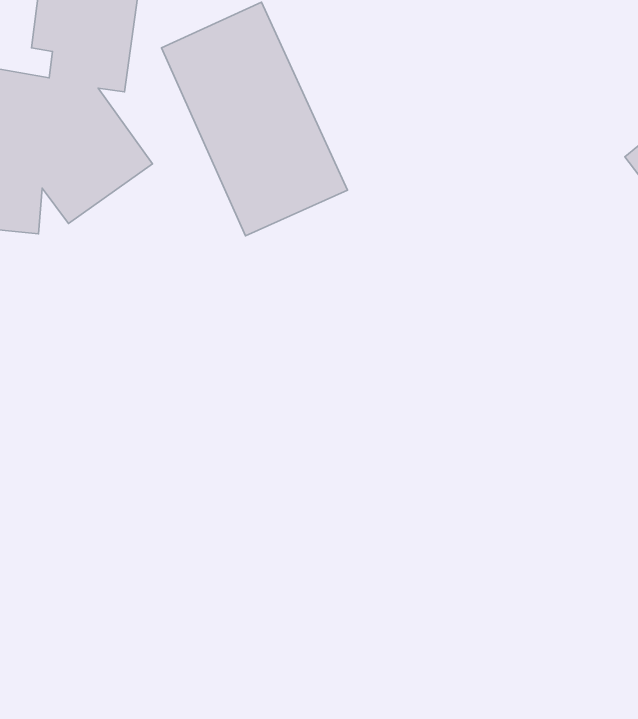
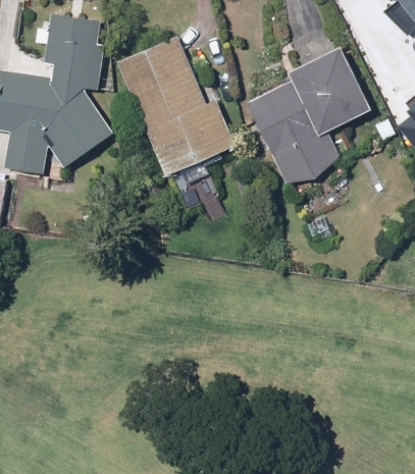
building: none -> [247,45,376,182]

